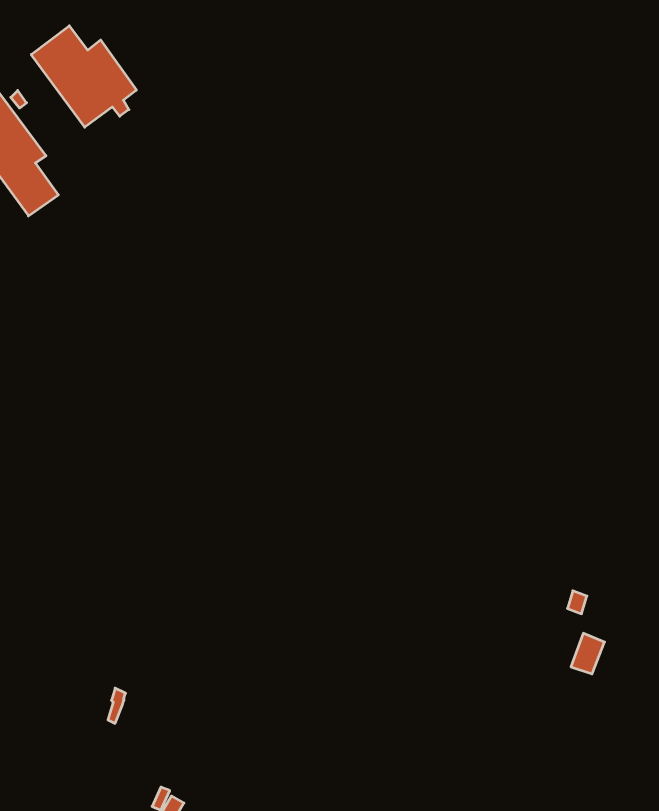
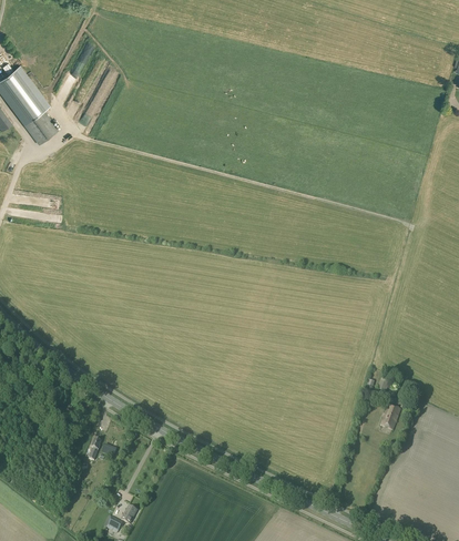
building: [31,26,136,127] -> none

